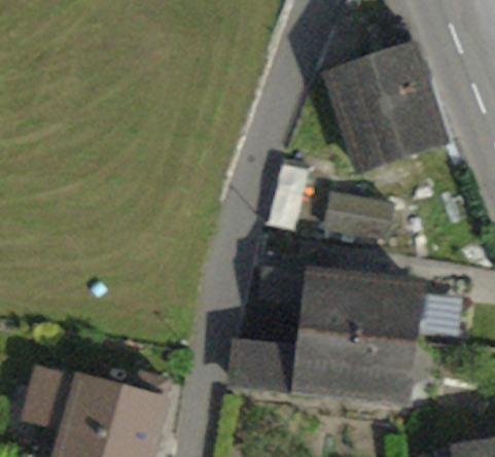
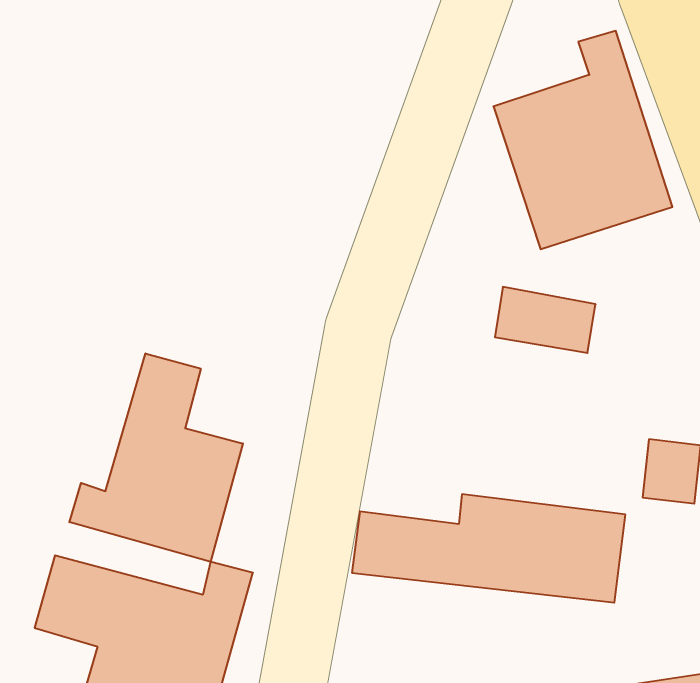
building: none -> [69,353,243,562]
building: [268,263,421,345] -> none

